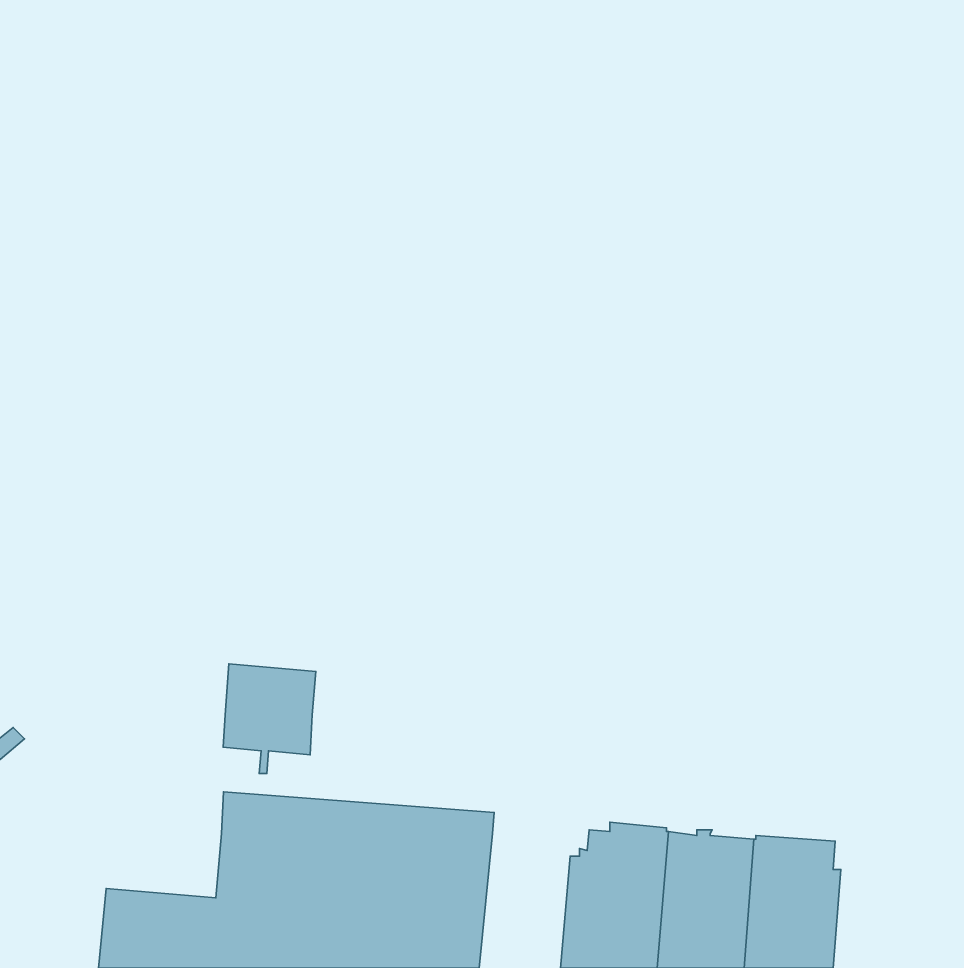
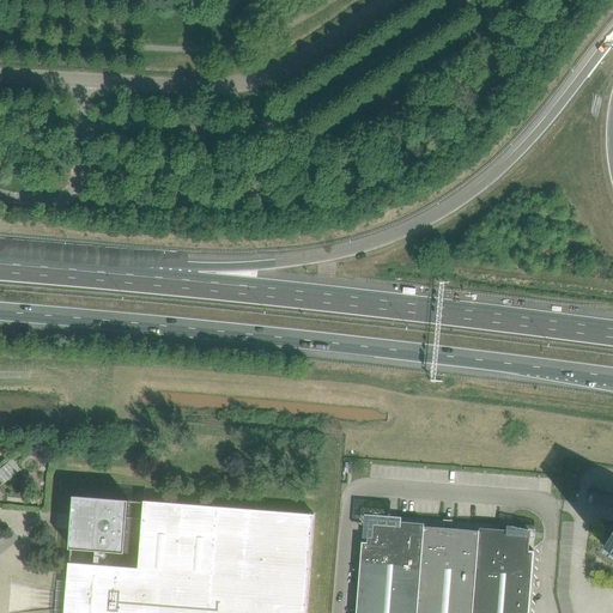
building: [223,664,316,774] -> [68,494,127,564]

